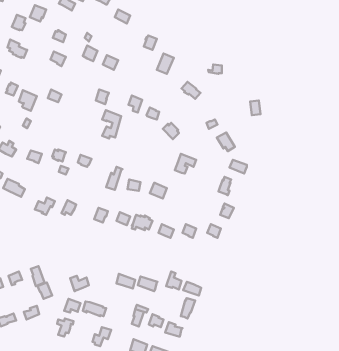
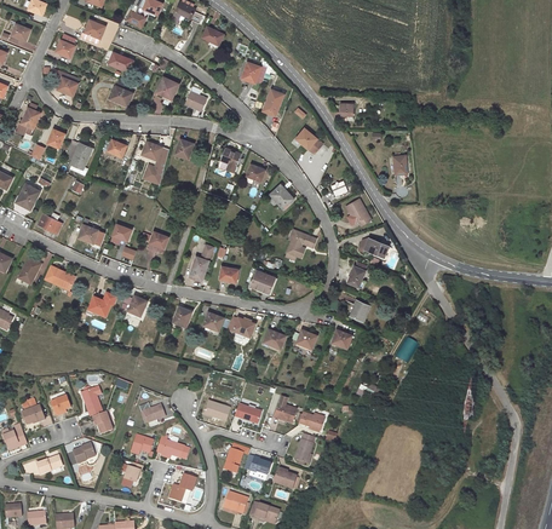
building: [102,110,121,138] -> [142,142,168,182]

